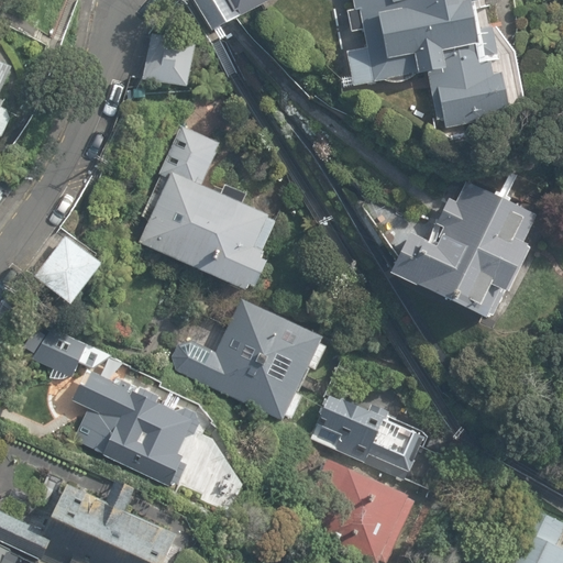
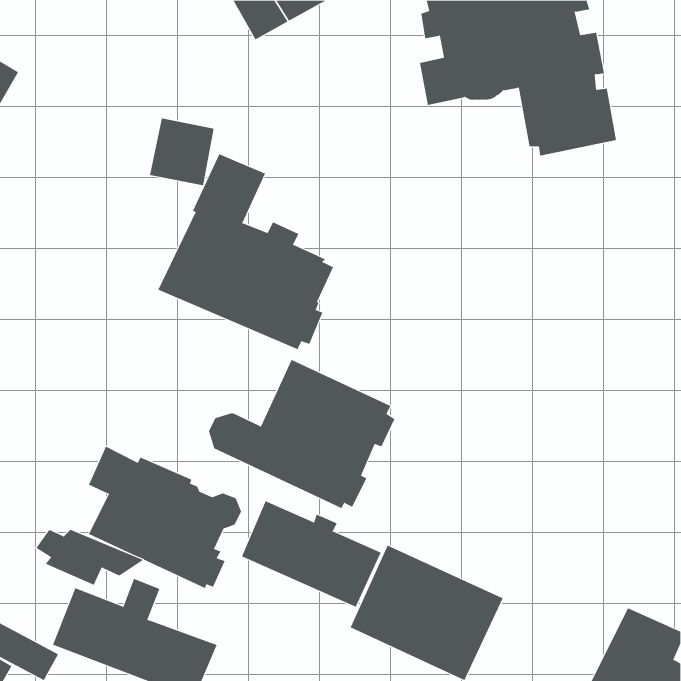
building: [141,34,195,90] -> [149,118,215,186]
building: [388,175,549,322] -> none
building: [34,235,101,303] -> none
building: [23,331,112,377] -> [36,529,144,585]
building: [309,393,424,481] -> [241,501,381,607]

